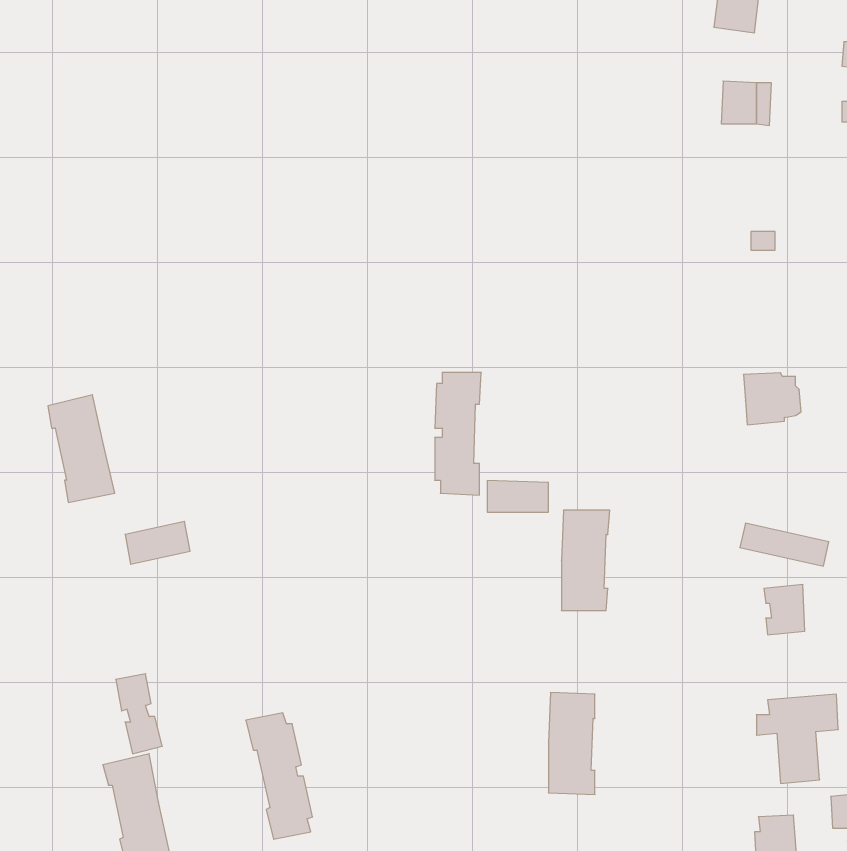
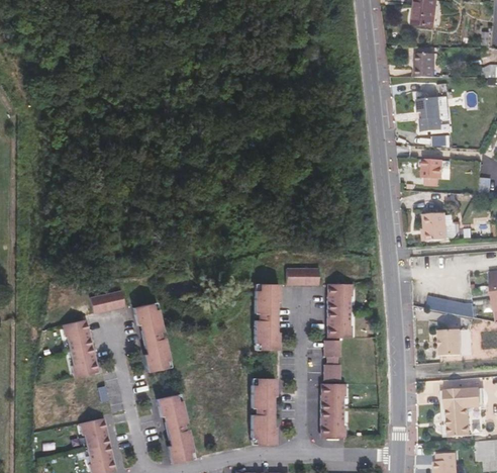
building: none -> [418,95,443,130]
building: none -> [427,156,448,176]
building: [435,372,481,495] -> [256,285,281,352]
building: [48,395,115,502] -> [63,318,99,377]
building: none -> [134,303,171,373]
building: none -> [324,342,341,382]
building: none -> [252,379,277,446]

